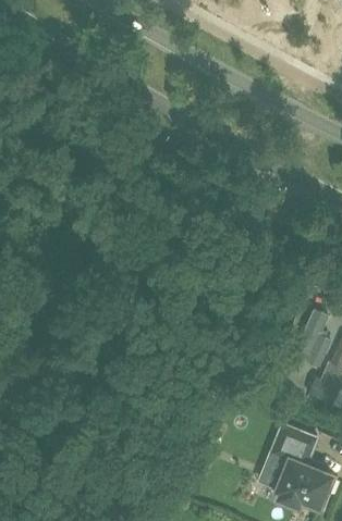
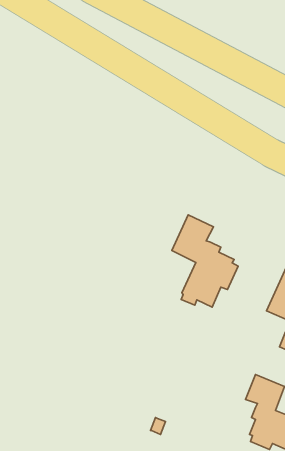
building: none -> [172,215,238,307]

